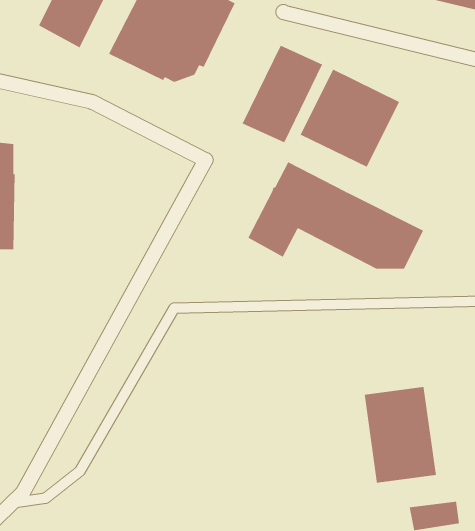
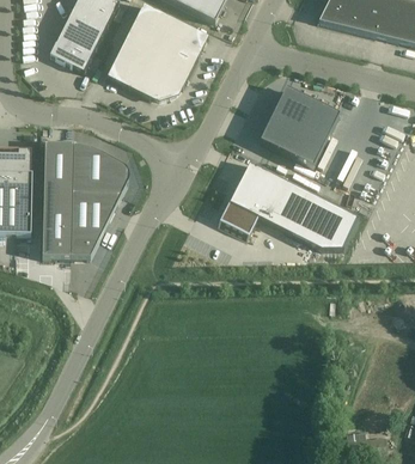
building: [242,45,323,143] -> none
building: none -> [42,144,129,257]
building: [364,386,436,484] -> none

